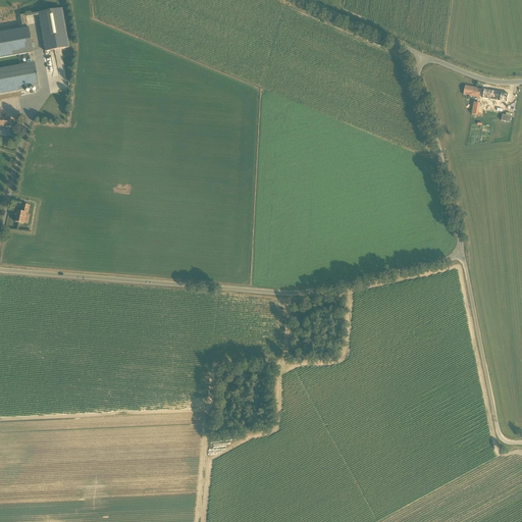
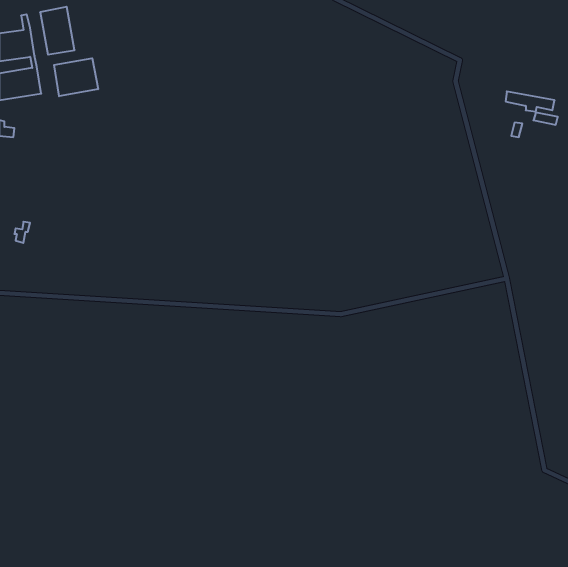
building: none -> [54,58,98,96]

